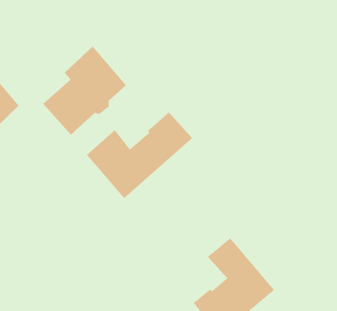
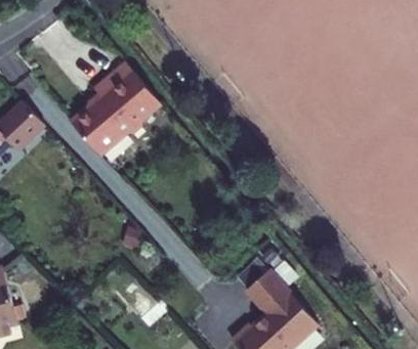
building: [86,112,193,199] -> none

